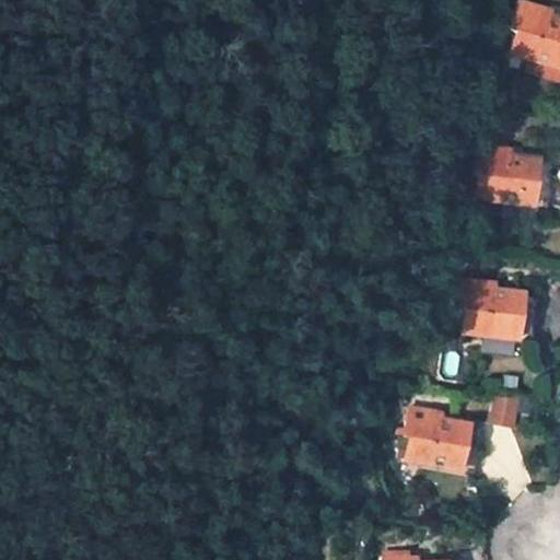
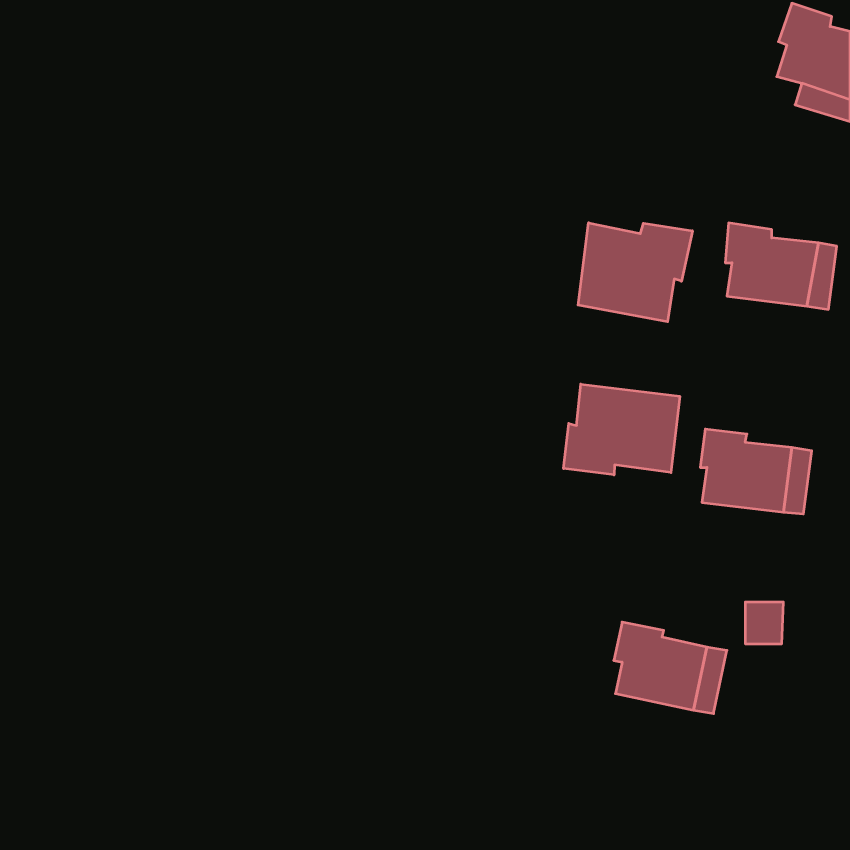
building: none -> [578,223,692,322]
building: none -> [564,384,680,475]

